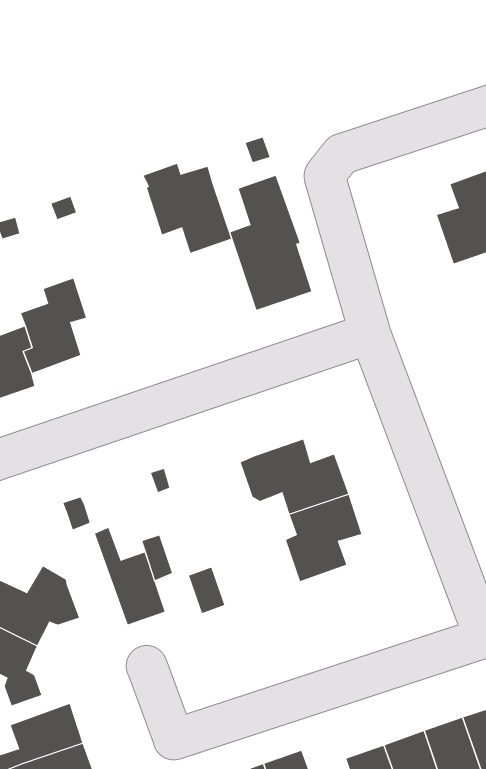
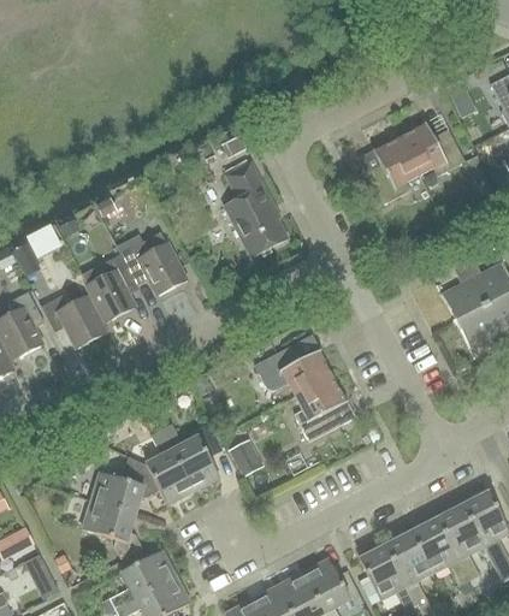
building: [143,163,232,253] -> [117,232,185,295]
building: none -> [147,430,194,504]

